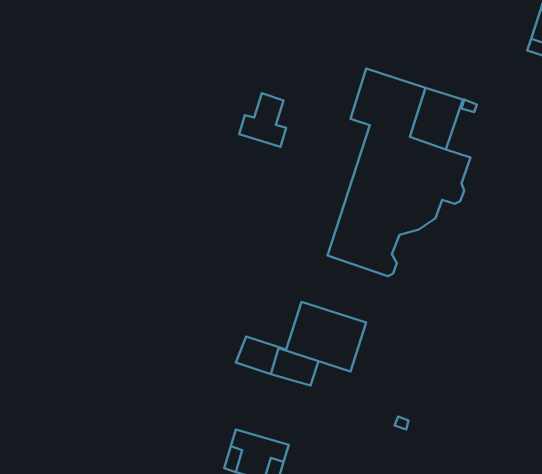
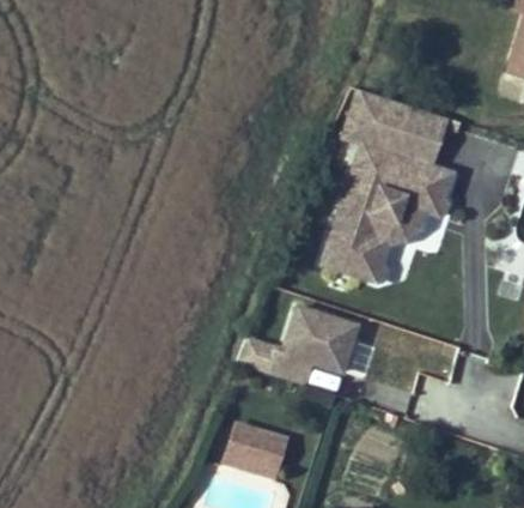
building: [239,93,286,147] -> none

